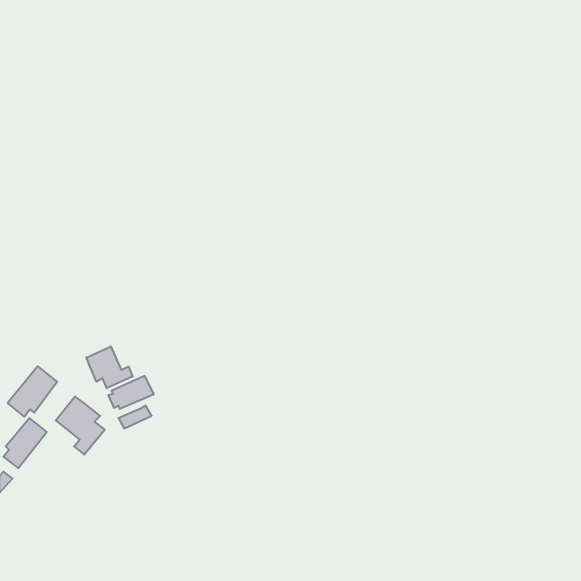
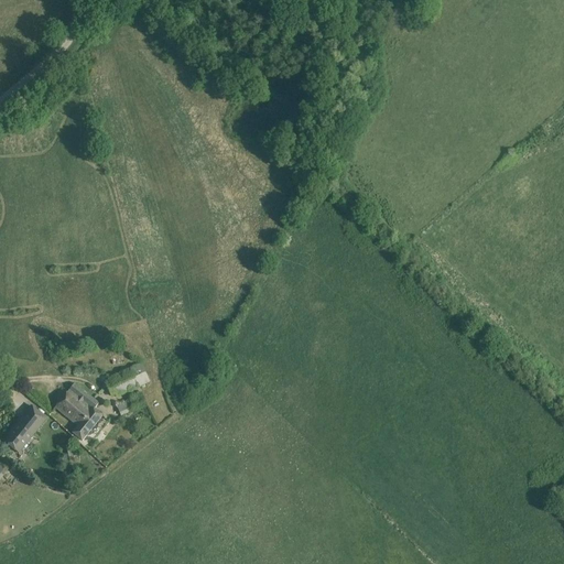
building: [86,346,133,388] -> none
building: [8,366,57,417] -> none

